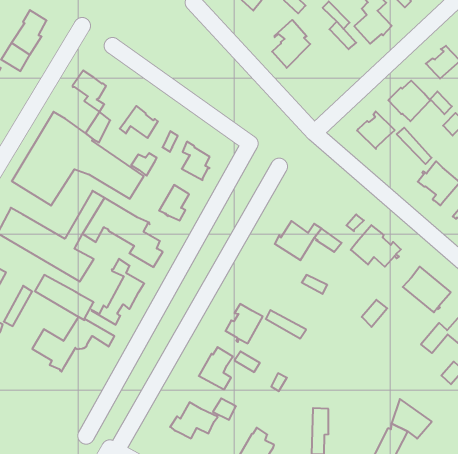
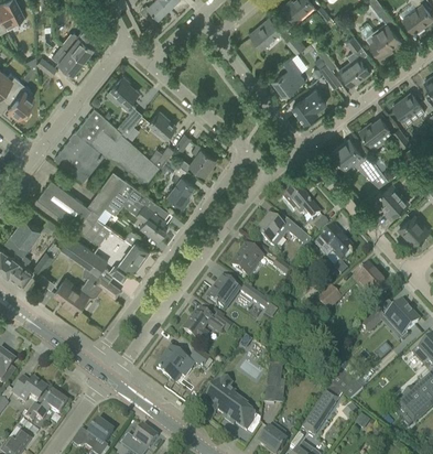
building: none -> [292,88,325,122]
building: none -> [283,185,320,219]
building: none -> [231,245,262,278]

